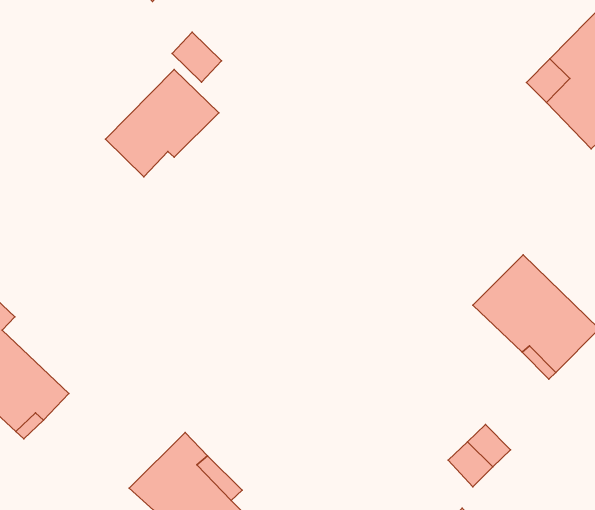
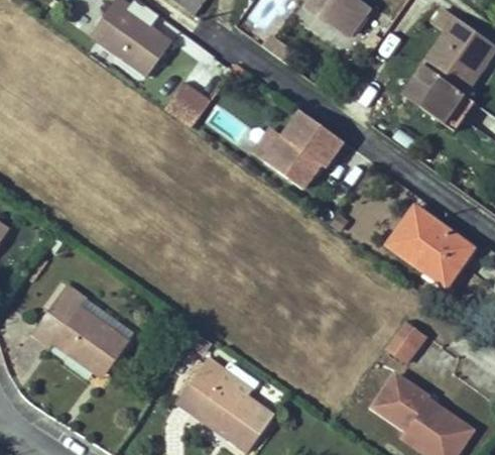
building: [105,70,219,177] -> none
building: none -> [249,107,343,191]

